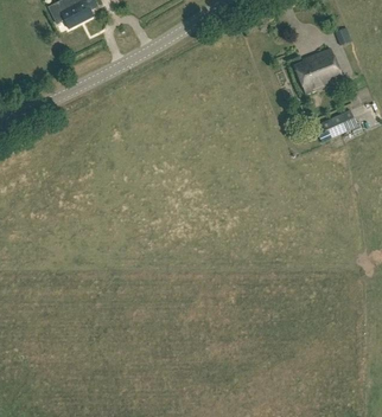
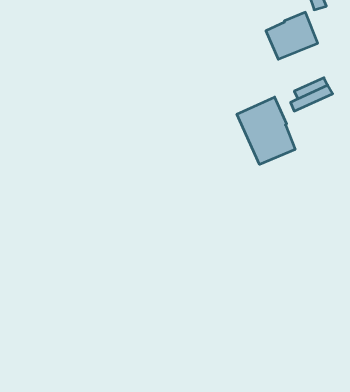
building: none -> [237,97,295,164]

